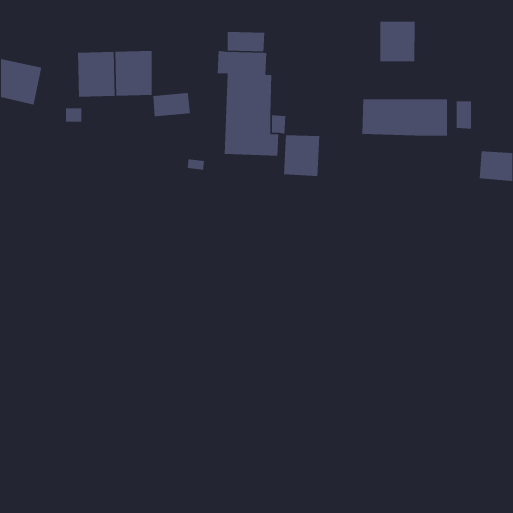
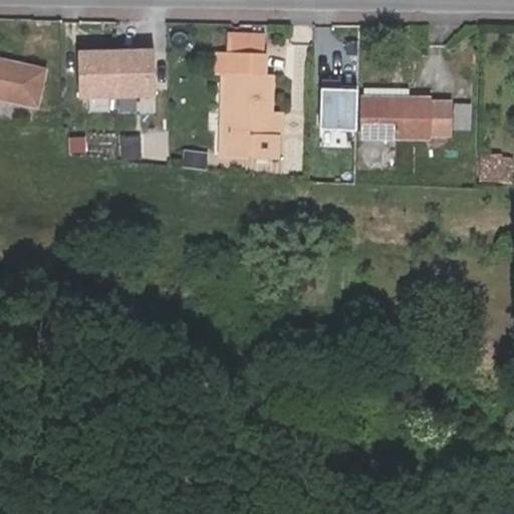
building: [379,21,415,62] -> none
building: [153,92,191,117] -> none
building: [283,135,320,177] -> [322,84,359,126]

